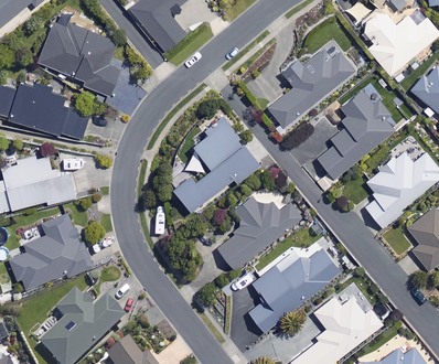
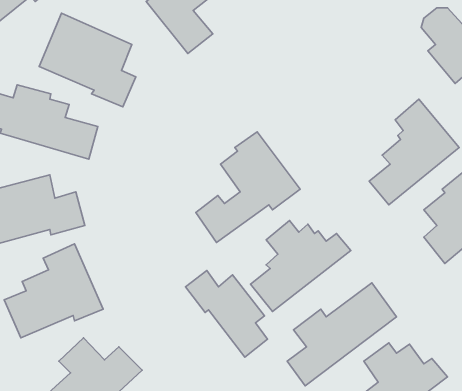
building: [268,49,355,128] -> none
building: none -> [185,271,267,357]

